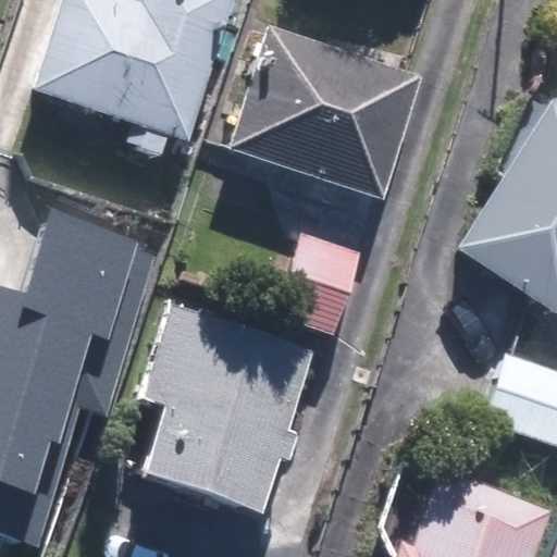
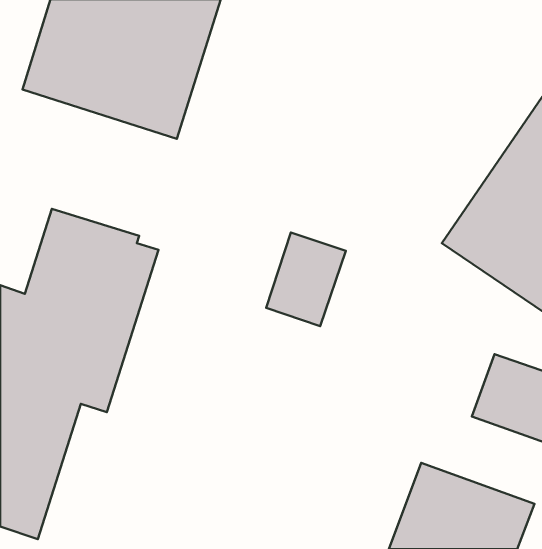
building: [225,26,420,200] -> none
building: [137,306,306,509] -> none

